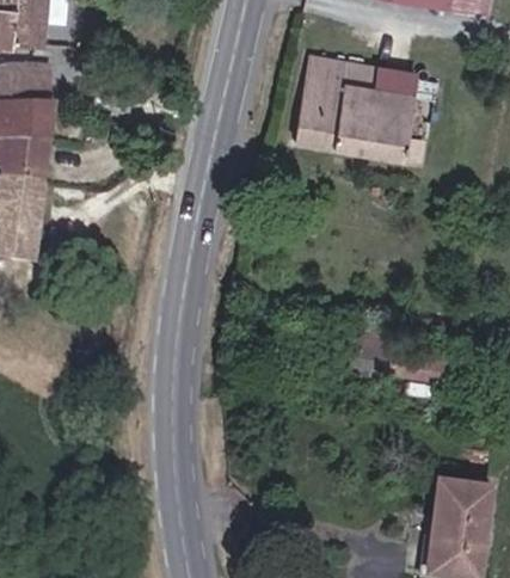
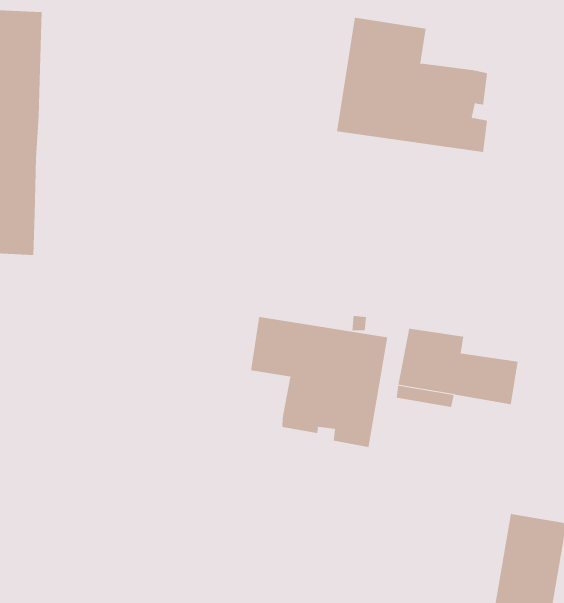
building: [371,63,420,99] -> none
building: none -> [251,316,388,448]

